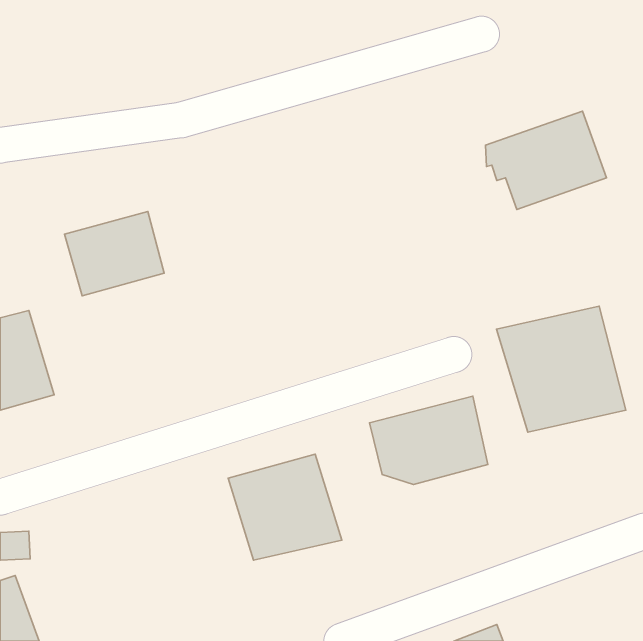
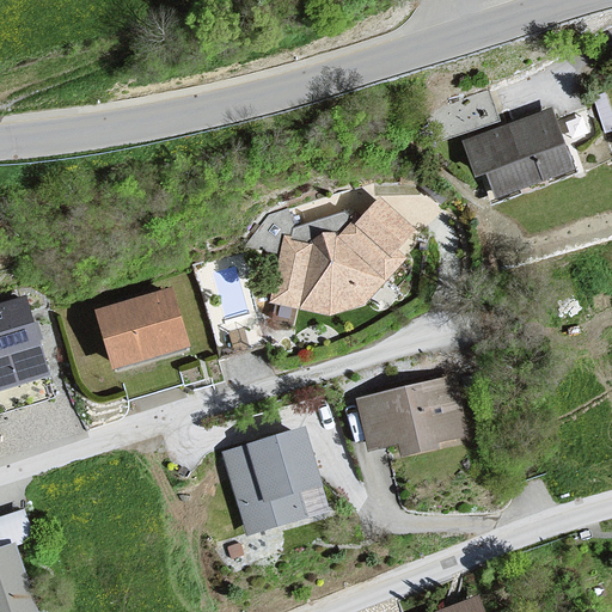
building: none -> [265,197,410,317]
building: [65,211,164,296] -> [99,288,194,368]
building: [497,306,626,432] -> none

